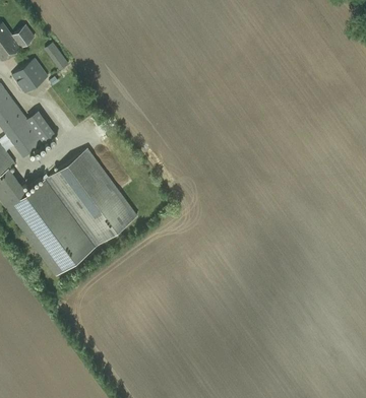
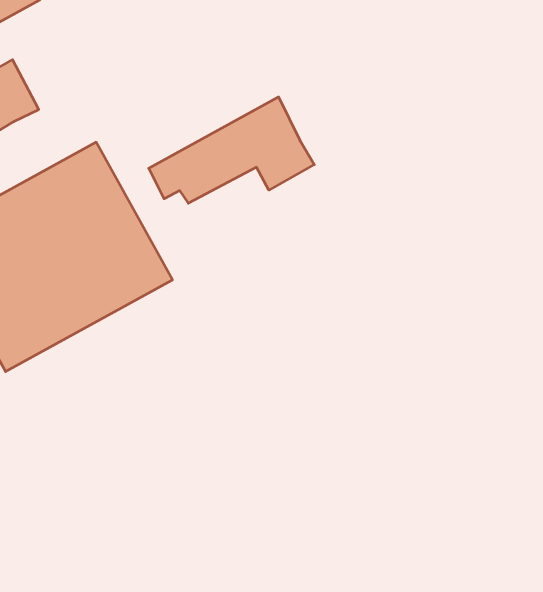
building: none -> [149,97,314,203]

